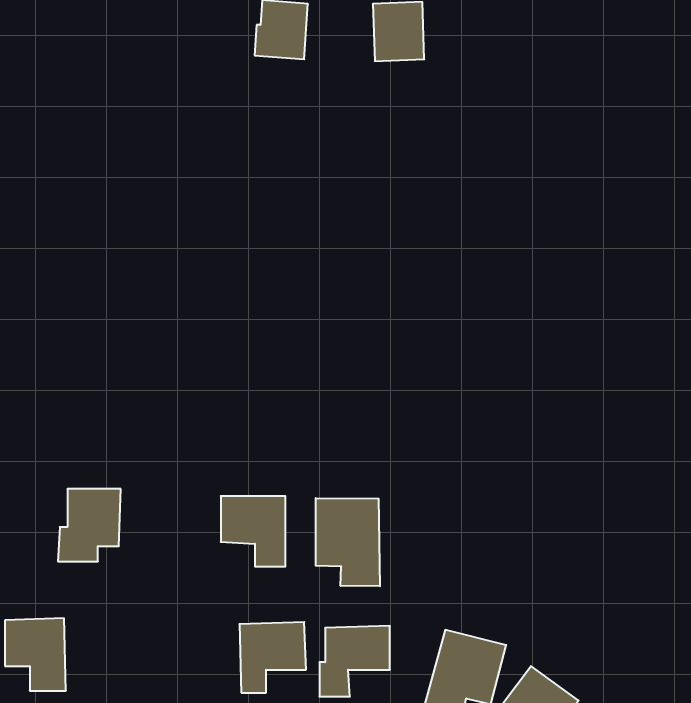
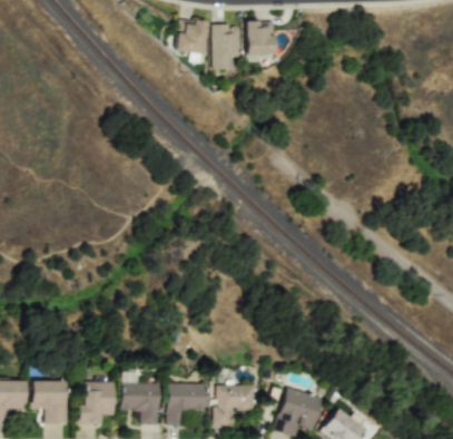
building: none -> [213,25,243,69]
building: [58,489,121,561] -> [79,381,116,423]
building: [221,496,285,567] -> [122,383,160,425]
building: [316,498,380,586] -> none

